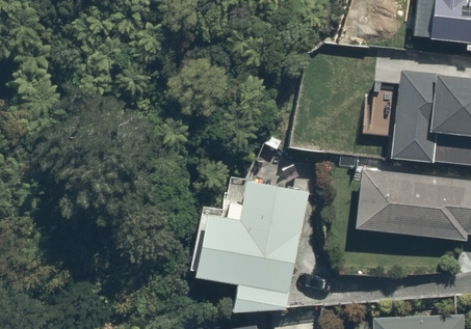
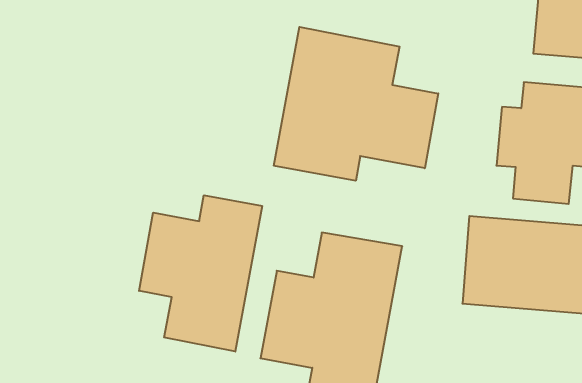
building: none -> [274,27,438,181]
building: none -> [139,195,262,352]

